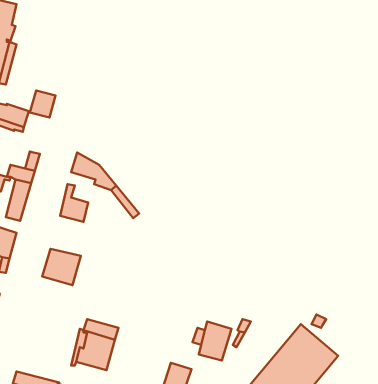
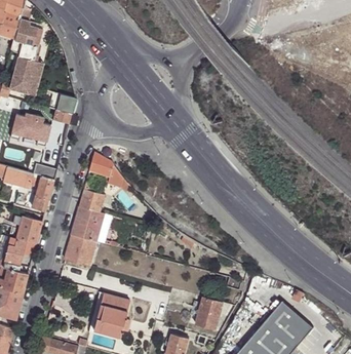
building: none -> [71,207,104,241]

